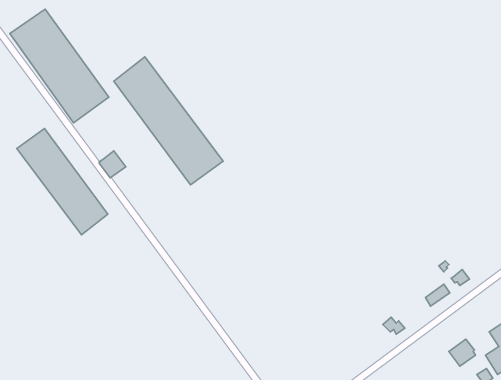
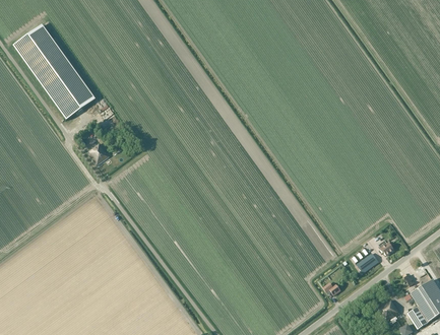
building: [114,57,223,185] -> none
building: [17,128,108,235] -> none

